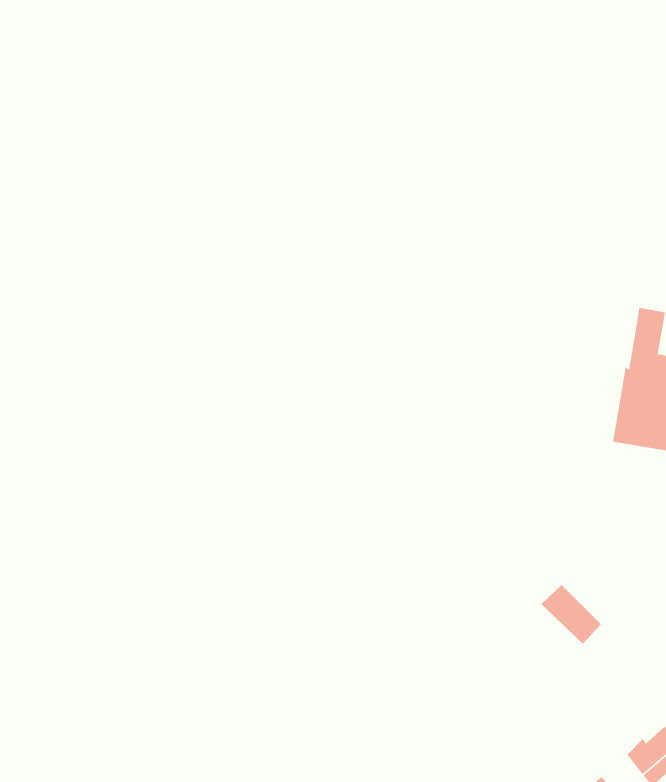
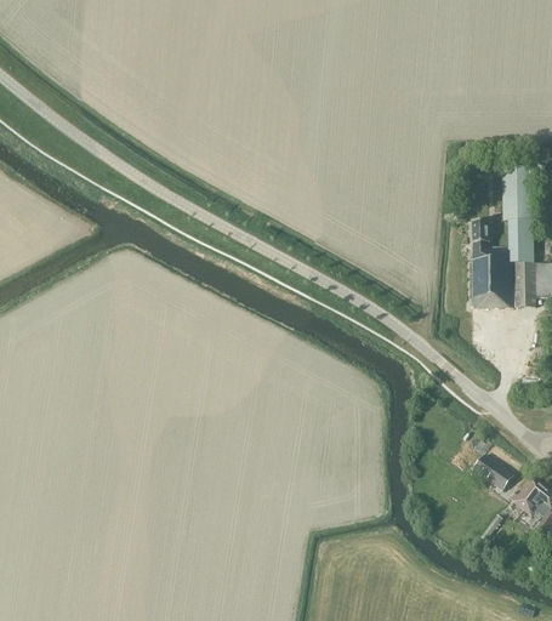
building: [540,584,602,645] -> [473,455,513,490]

